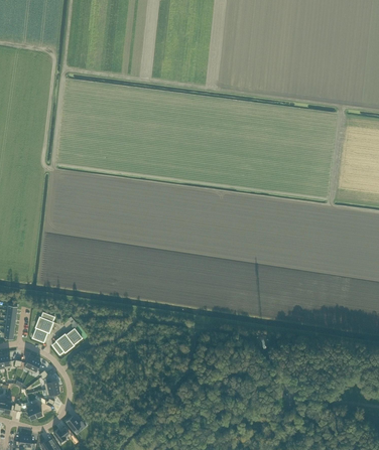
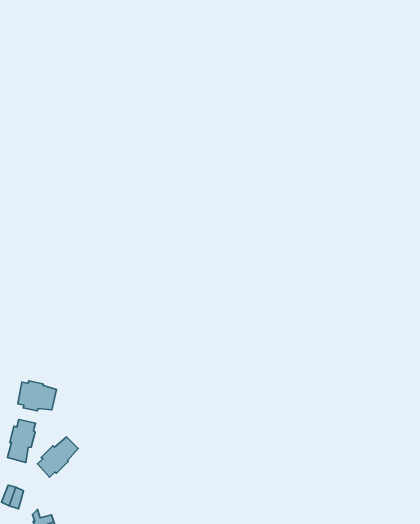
building: none -> [18,381,56,411]

